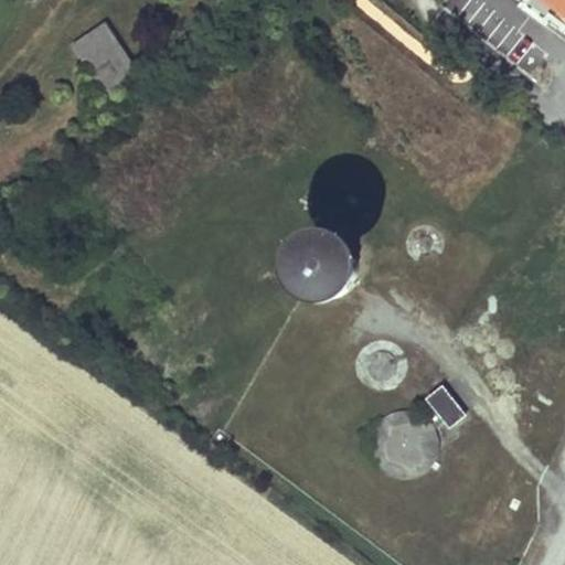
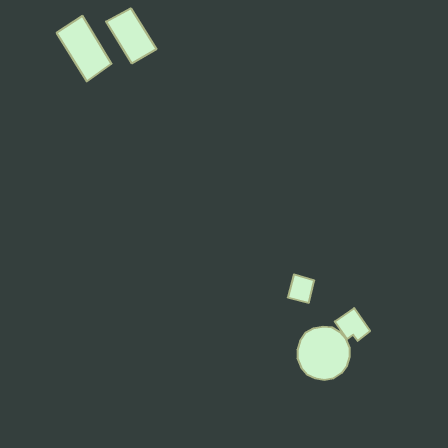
building: none -> [106,8,156,63]
building: [294,233,354,294] -> none

